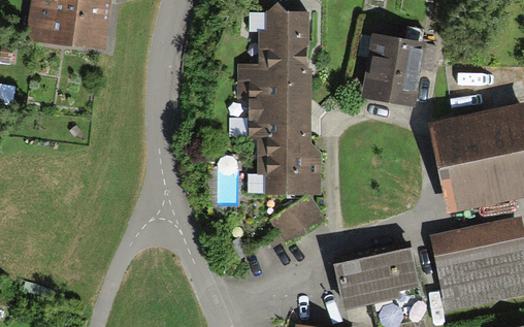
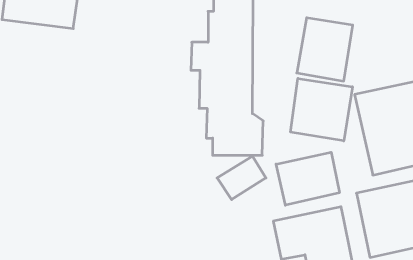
building: none -> [291,78,352,141]
building: none -> [276,152,339,205]

